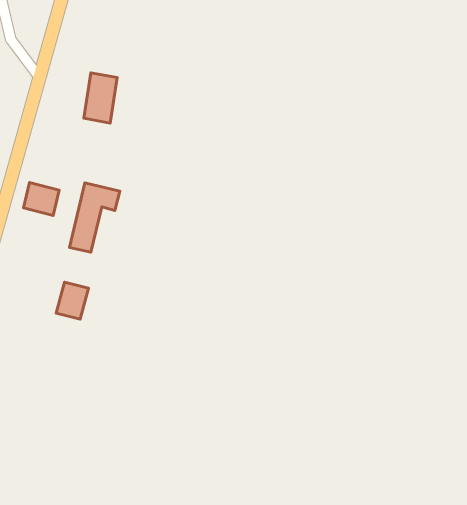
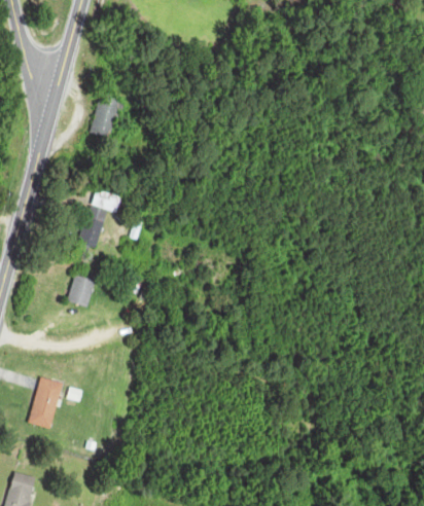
building: [23,183,59,215] -> none
building: none -> [28,377,62,430]

